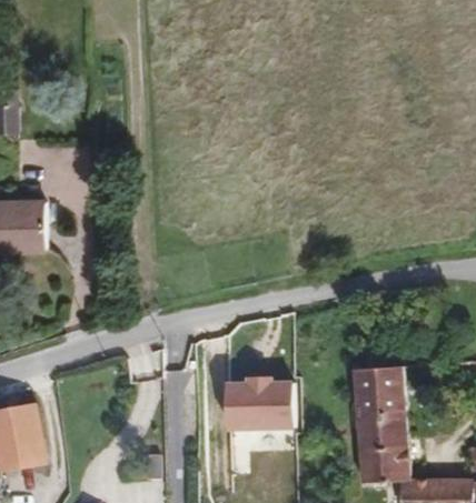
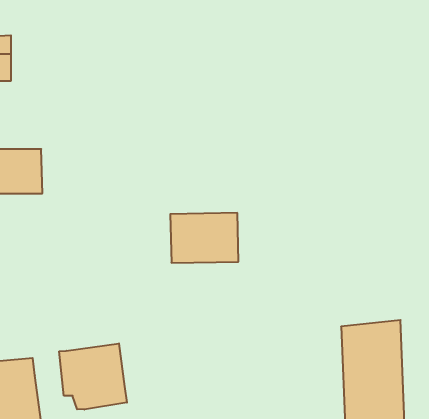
building: [219,375,289,426] -> [170,213,238,263]
building: none -> [59,343,127,410]

